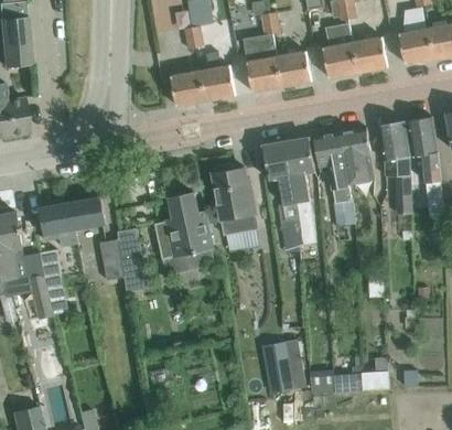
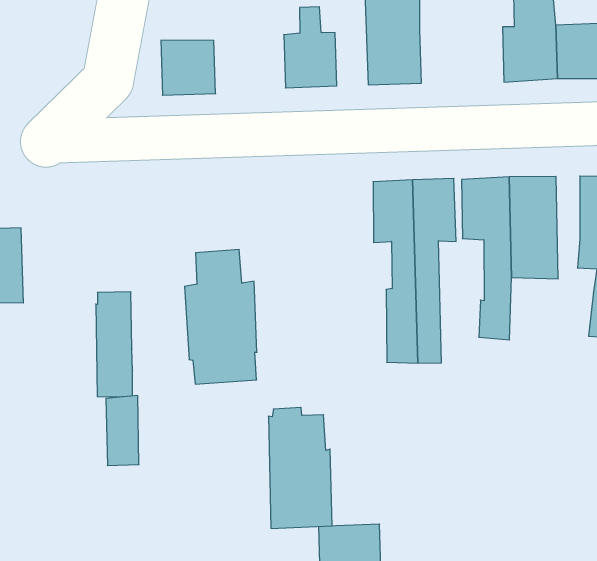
building: [277,51,311,86] -> none
building: [171,71,206,106] -> [161,40,216,95]
building: [213,164,258,235] -> [268,407,332,528]
building: [69,196,106,233] -> none
building: [100,238,125,280] -> [106,396,139,466]

